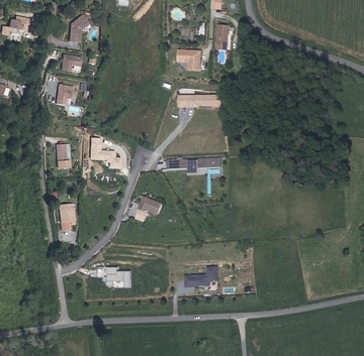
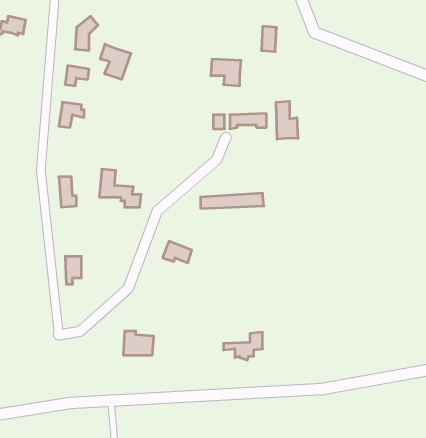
building: none -> [100,44,131,79]
building: none -> [276,101,298,139]

